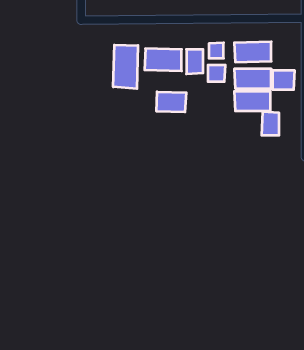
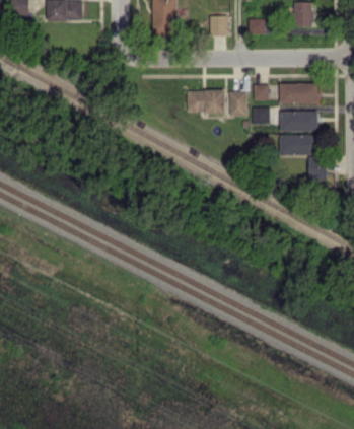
building: [113,45,138,89] -> none
building: [273,70,294,90] -> none
building: [157,92,186,112] -> none

